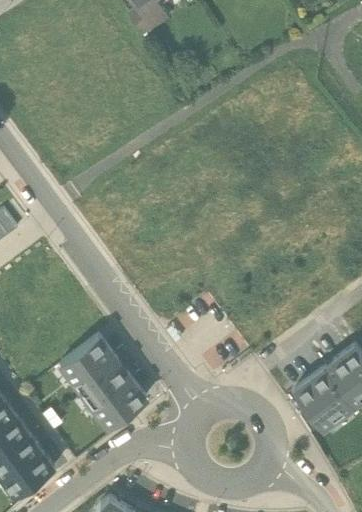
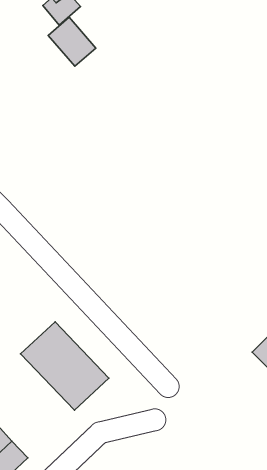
building: none -> [48,17,96,66]

